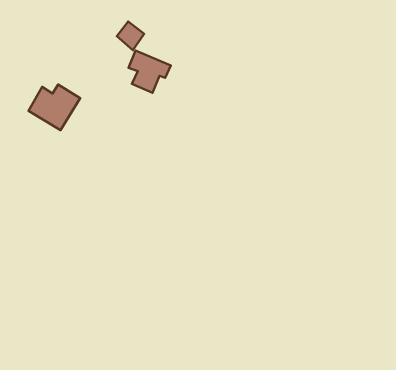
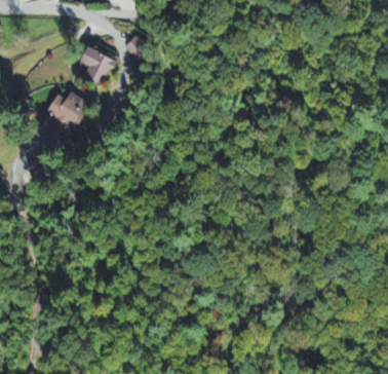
building: [129,50,171,93] -> [79,46,117,84]

